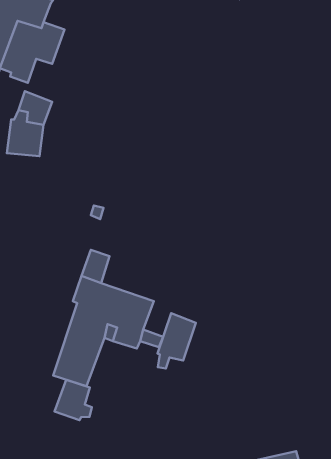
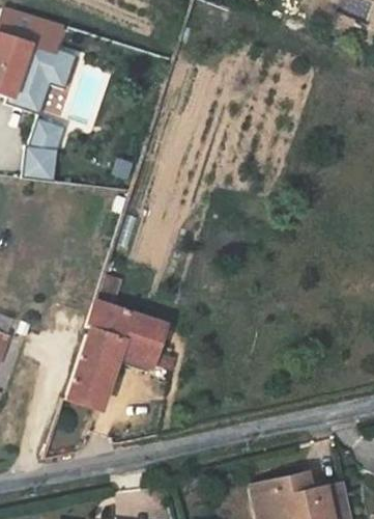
building: [157,313,196,369] -> none
building: [54,380,92,420] -> none

